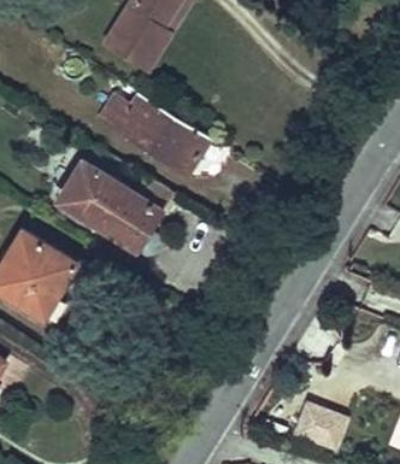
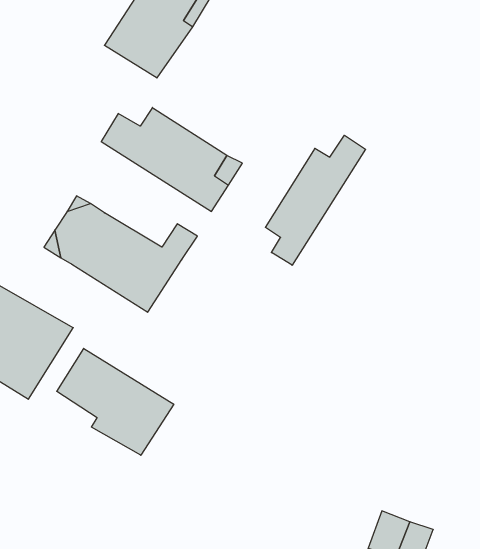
building: none -> [265,135,366,265]
building: none -> [57,348,174,455]

